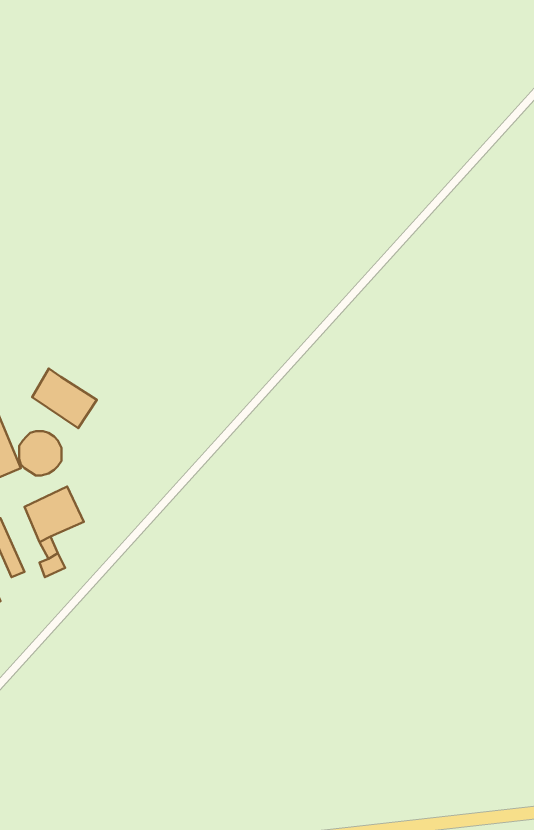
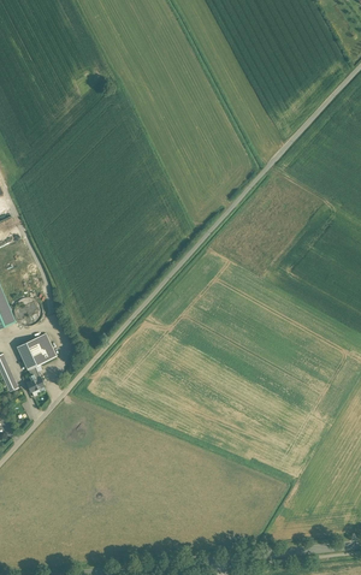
building: [32,369,97,428] -> none

